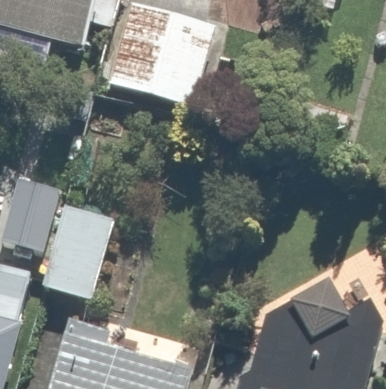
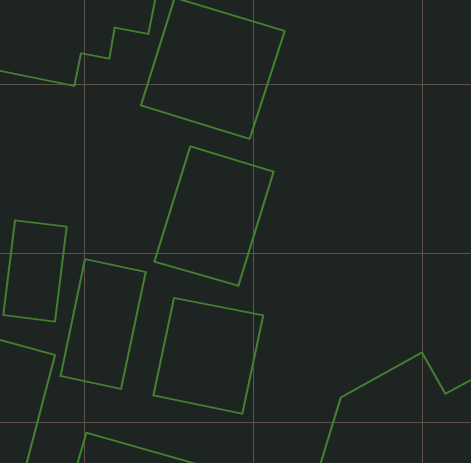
building: none -> [154,146,274,286]
building: none -> [153,298,263,414]

